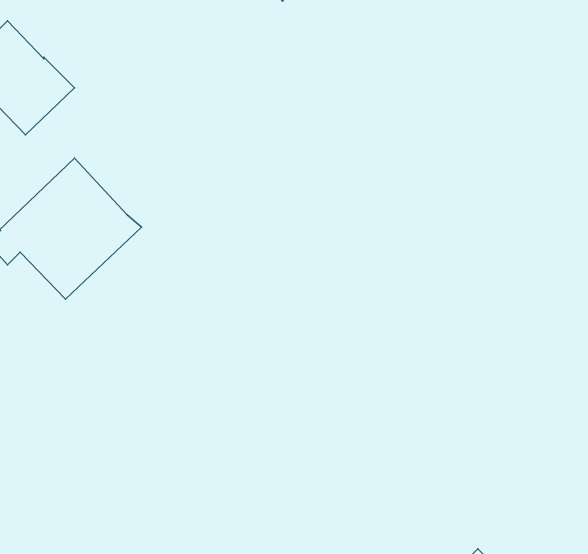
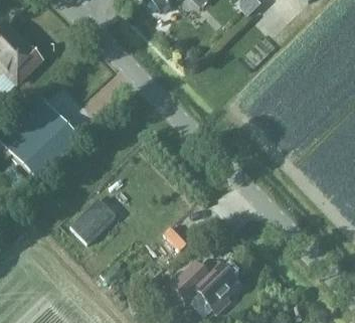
building: none -> [70,197,117,243]
building: none -> [172,261,240,311]

